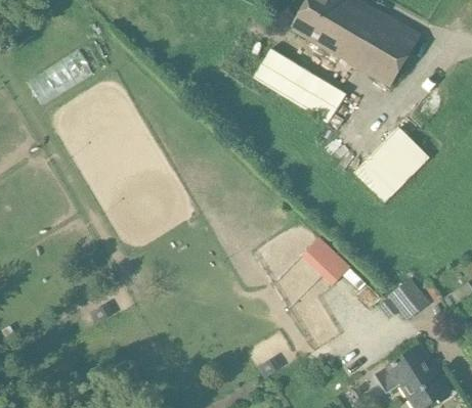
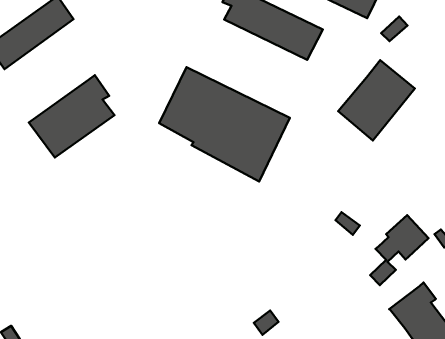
building: none -> [159,67,290,182]
building: none -> [29,75,114,157]
building: [299,235,347,284] -> none

